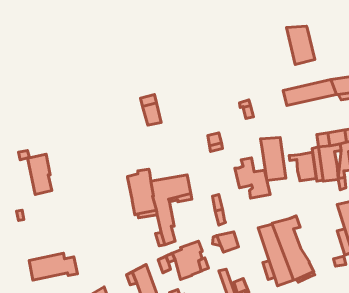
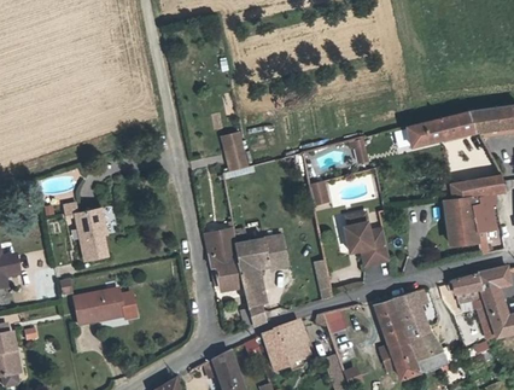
building: [287,26,315,64] -> none
building: [260,138,286,181] -> none
building: [289,152,316,181] -> none
building: none -> [446,273,486,308]
building: [29,253,78,280] -> [74,289,136,324]

